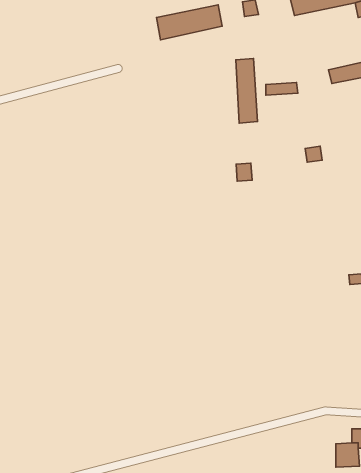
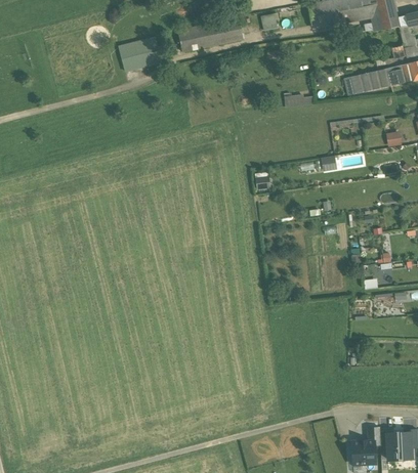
building: none -> [119,37,163,72]
building: [236,59,258,123] -> none

